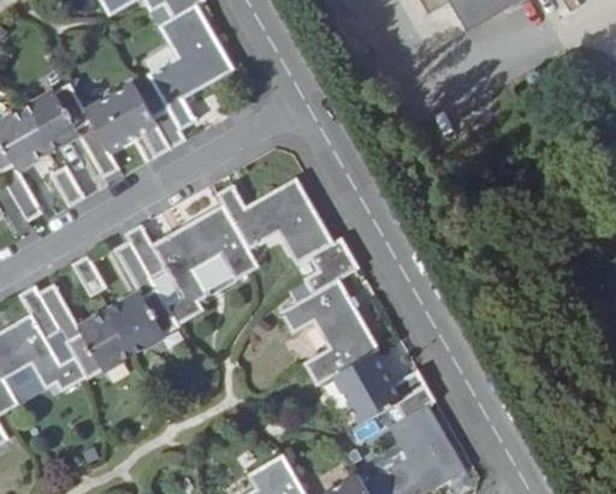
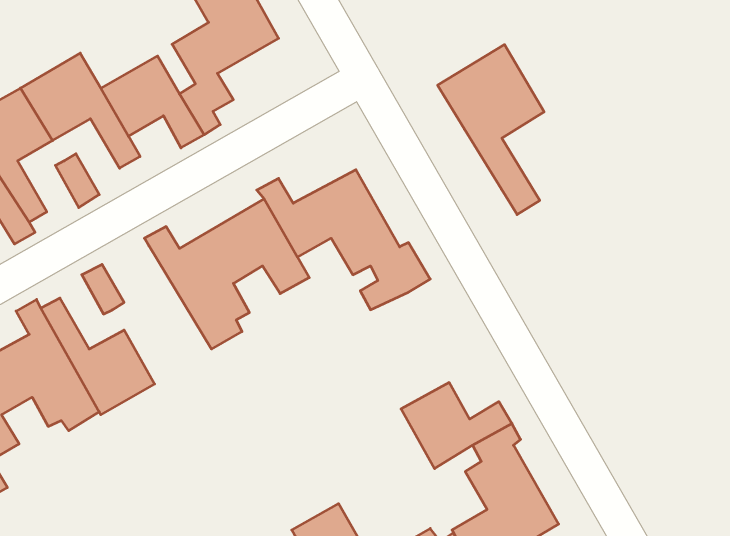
building: none -> [438,45,544,215]
building: [105,240,178,355] -> none
building: [277,279,379,387] -> none

